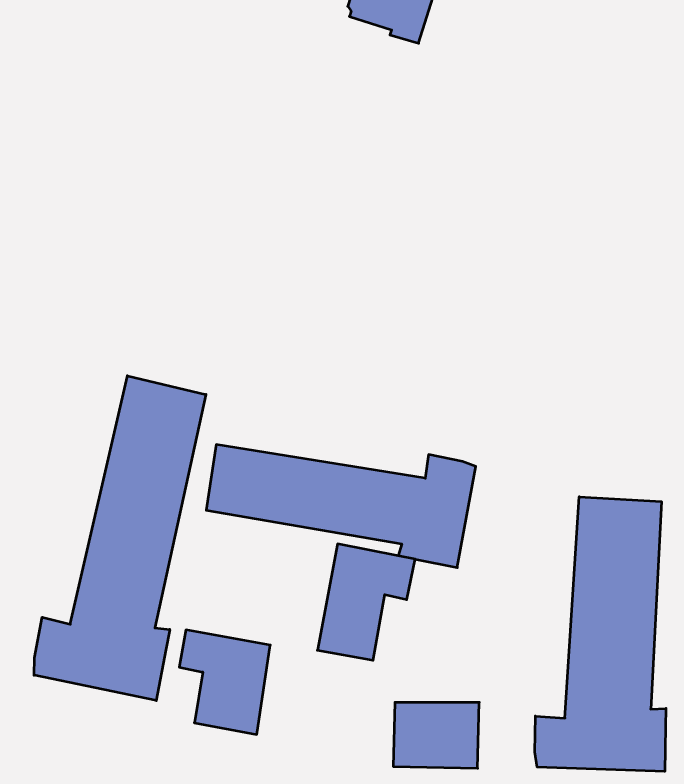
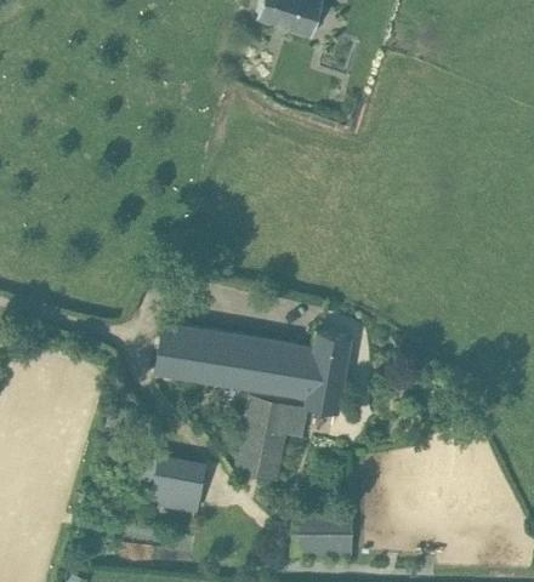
building: [34,376,206,701] -> none
building: [535,497,666,771] -> none

